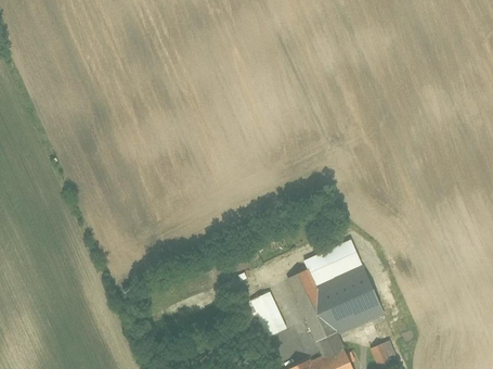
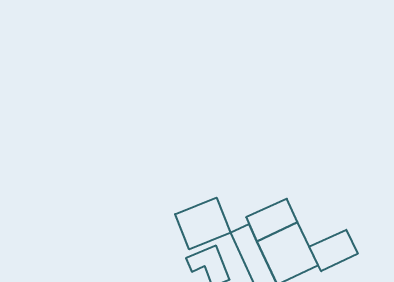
building: none -> [175,198,231,249]
building: none -> [309,230,358,271]

